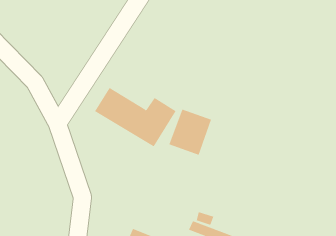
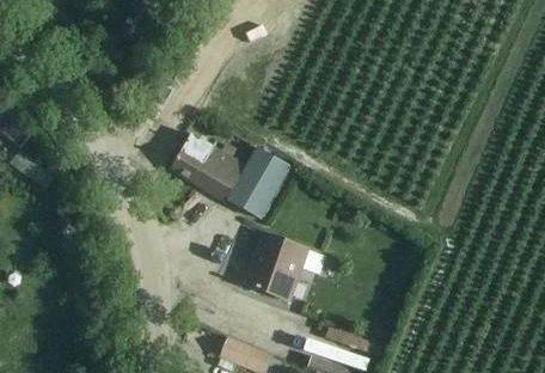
building: [168,109,212,155] -> [245,232,307,299]

